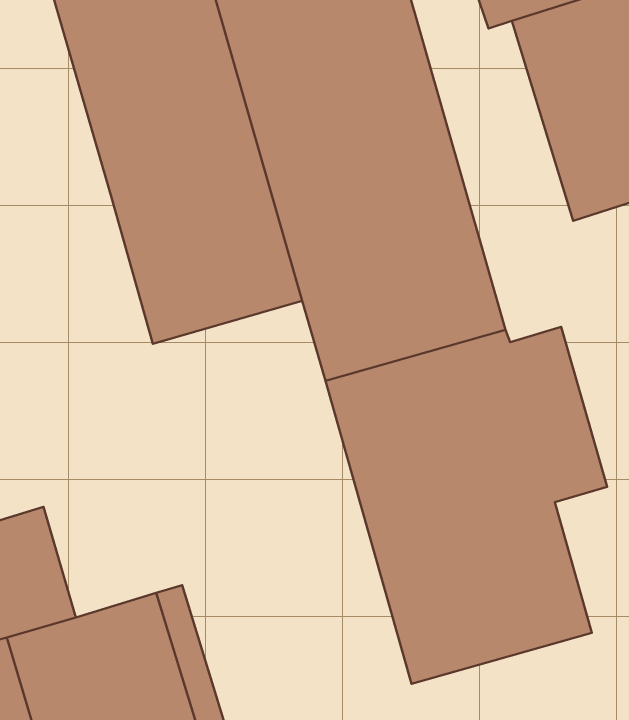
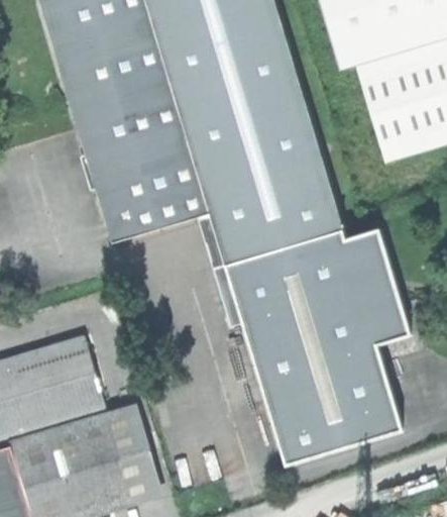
building: none -> [38,334,112,422]

